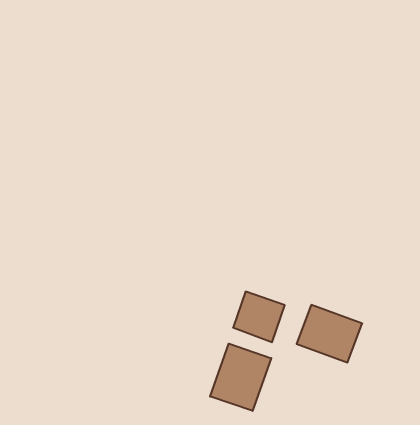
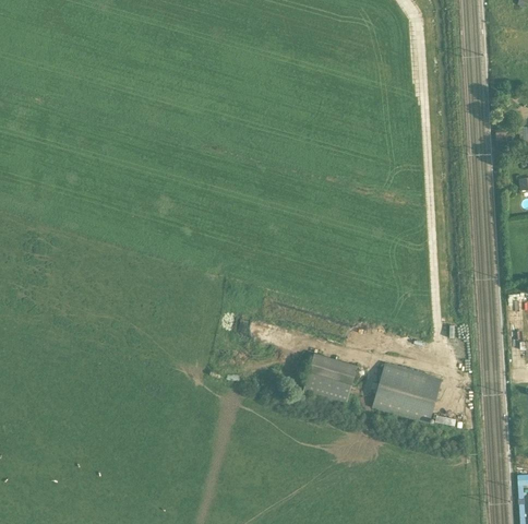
building: [210,344,271,411] -> none

